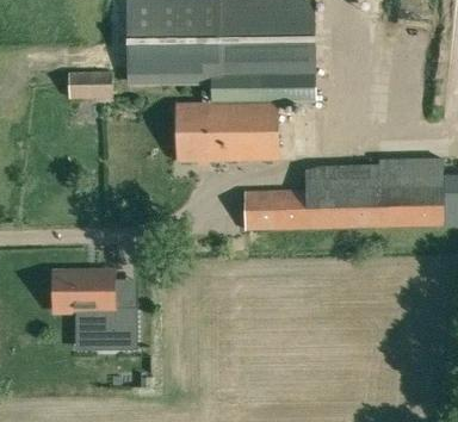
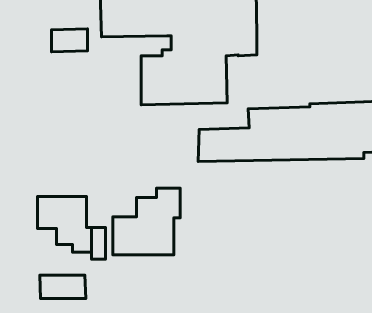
building: none -> [113,188,180,255]
building: none -> [40,275,86,298]

